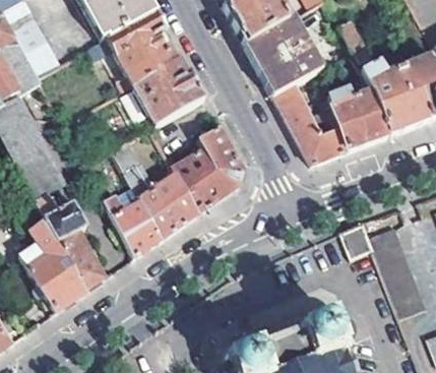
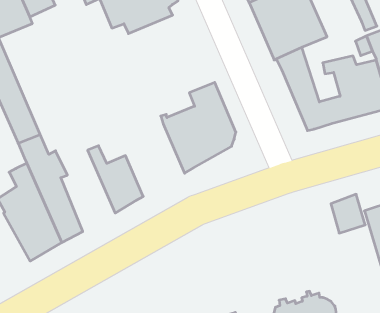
building: [133,58,204,123] -> none
building: [118,152,198,238] -> none

